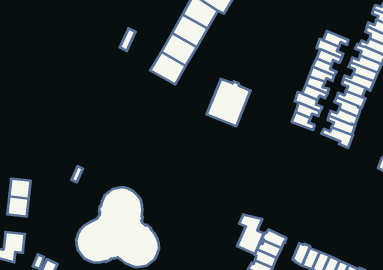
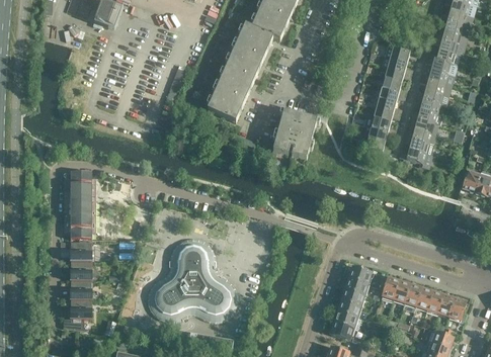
building: none -> [62,171,95,238]
building: none -> [70,279,91,298]
building: [237,214,264,254] -> none

